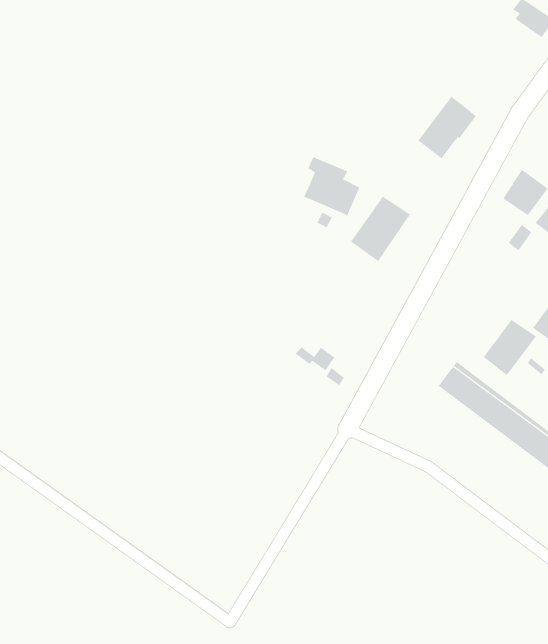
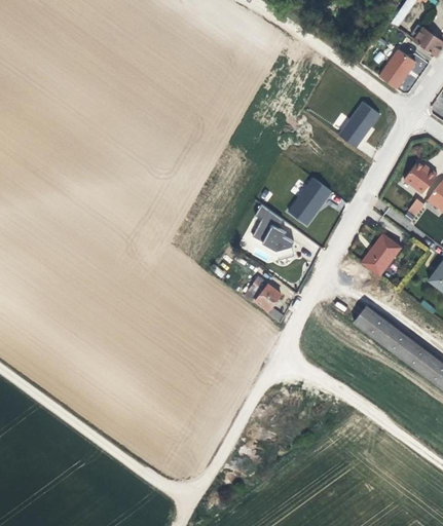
building: none -> [377,52,413,91]
building: [303,156,360,216] -> [252,209,295,254]
building: [483,319,537,376] -> [360,234,401,277]

